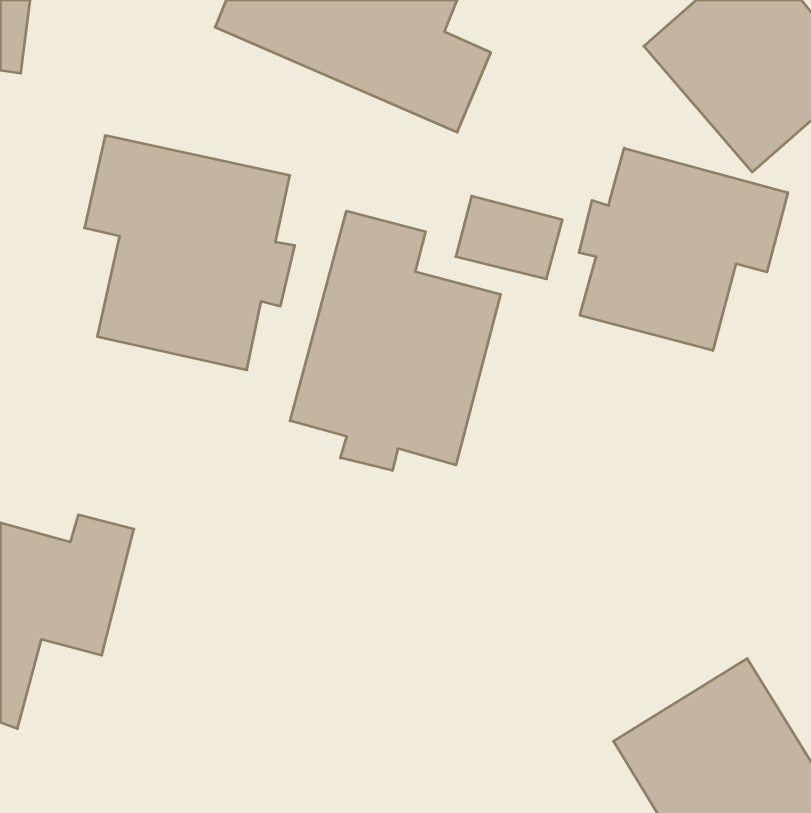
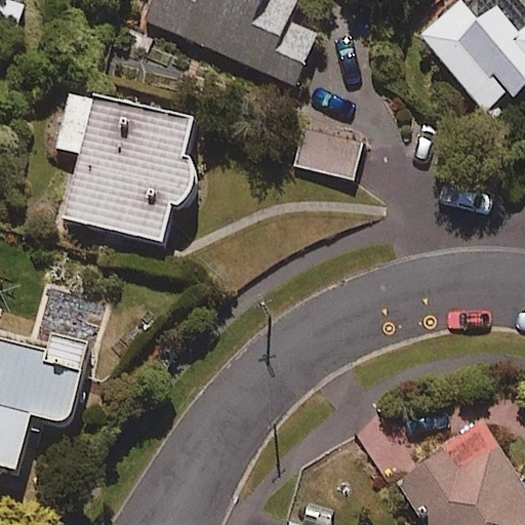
building: [579,148,788,351] -> none
building: [290,211,501,471] -> none

